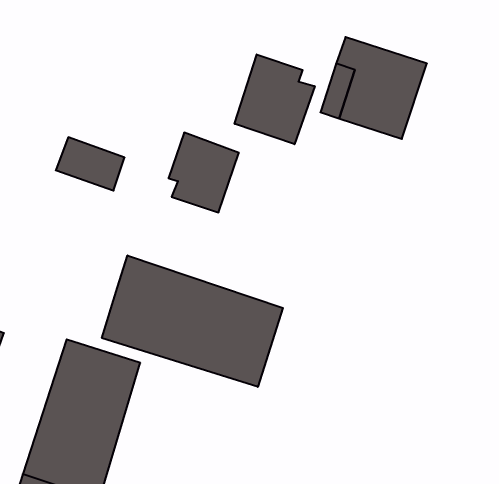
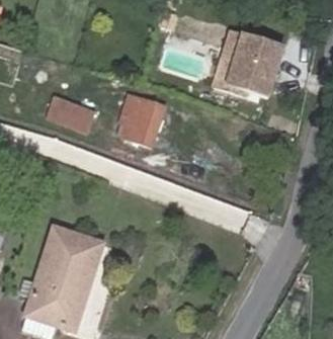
building: [235,54,315,144] -> none
building: [102,255,283,387] -> none

